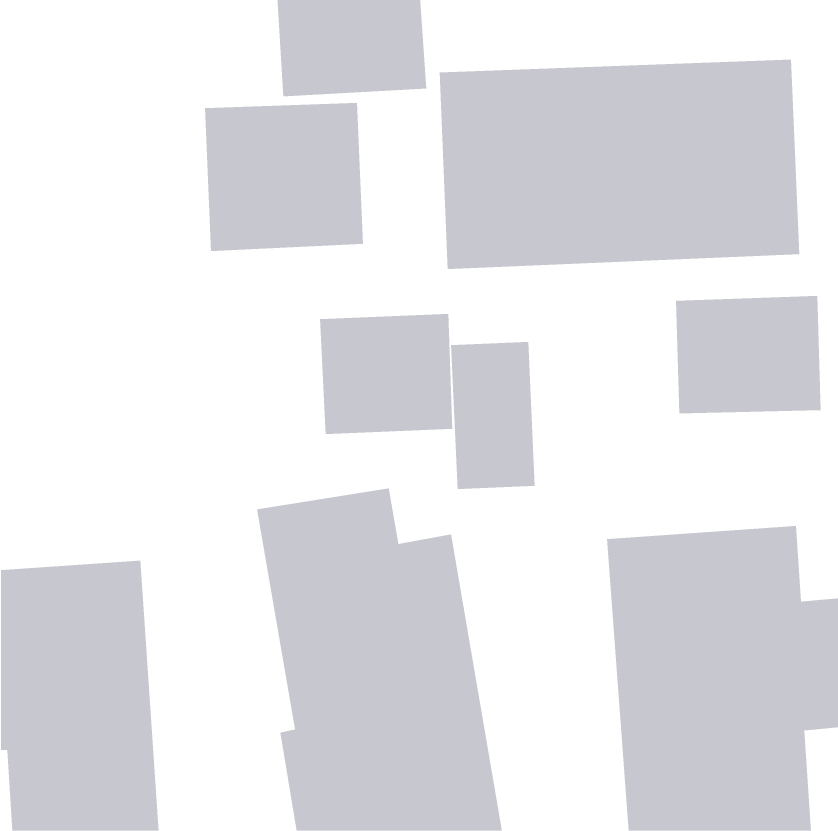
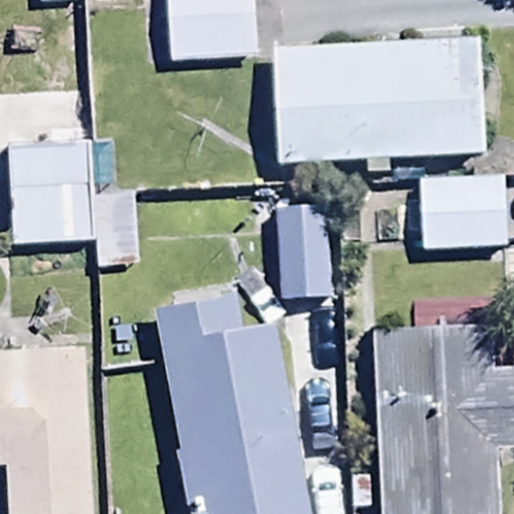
building: [204,102,364,252] -> none
building: none -> [7,141,135,265]
building: [319,313,453,435] -> none

